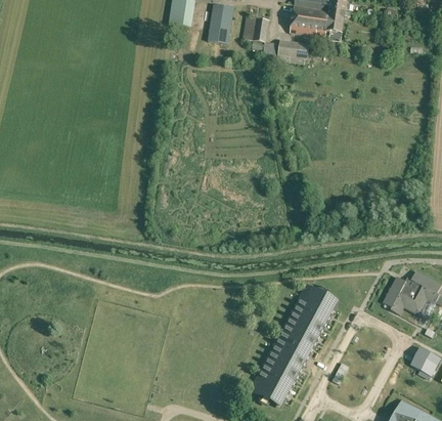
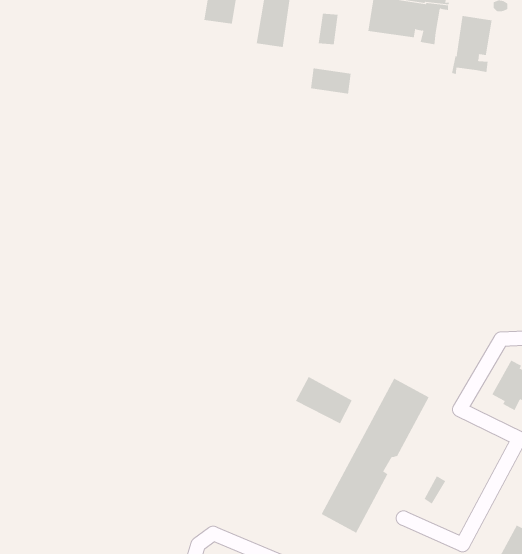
building: none -> [452,15,492,75]
building: [277,39,308,58] -> [310,68,352,94]
building: none -> [295,376,353,424]

